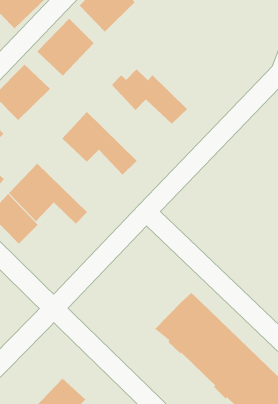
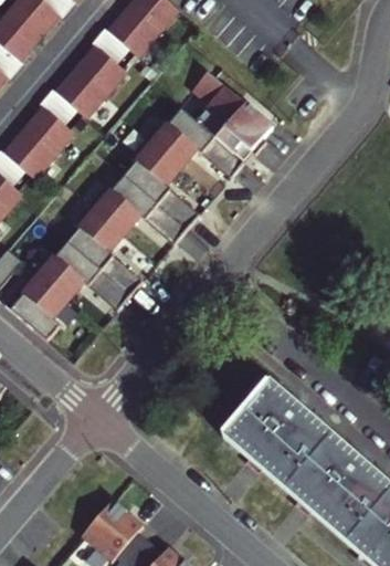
building: none -> [192,66,274,151]
building: none -> [122,127,202,221]
building: none -> [63,199,144,291]

